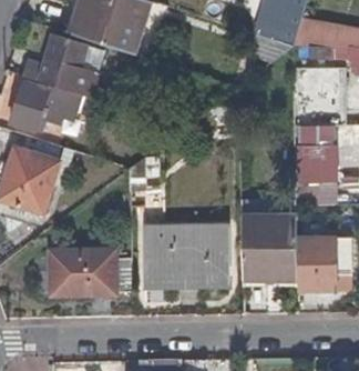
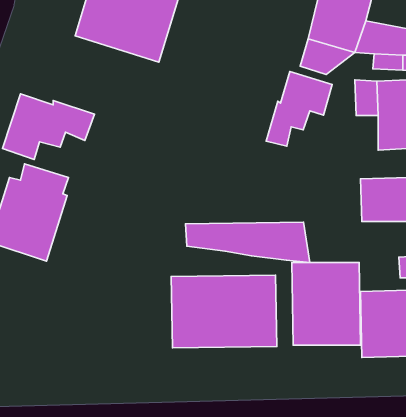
building: [21,33,98,97] -> none
building: none -> [266,71,332,146]
building: none -> [185,222,310,263]
building: [49,248,132,295] -> none

